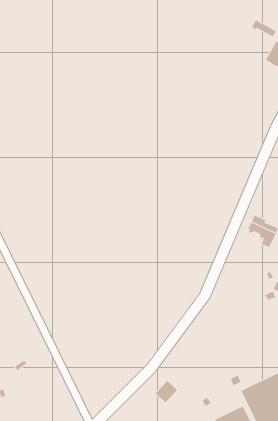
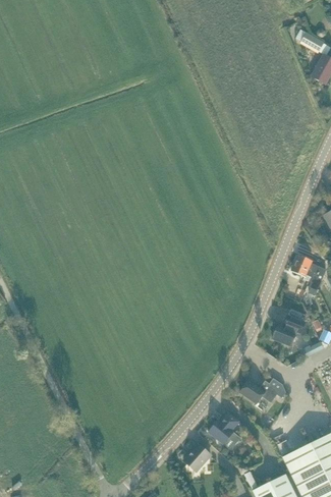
building: none -> [272,315,306,345]
building: none -> [239,379,284,403]
building: none -> [208,412,238,443]

